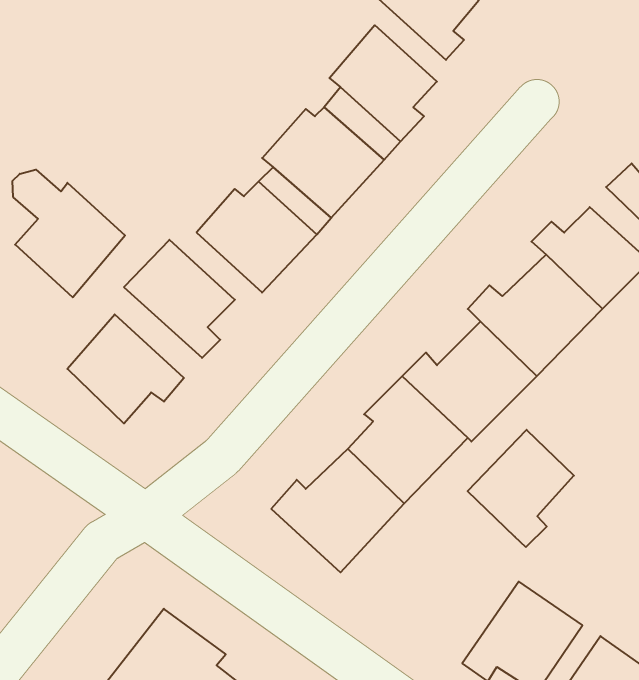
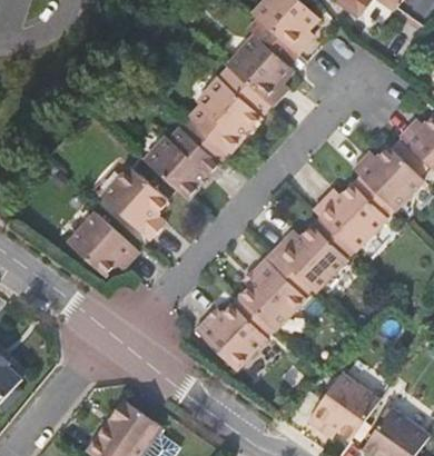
building: [13,170,125,297] -> none
building: [468,430,574,547] -> none

